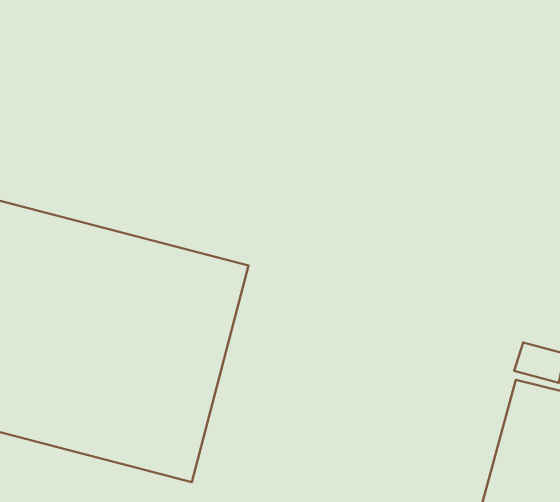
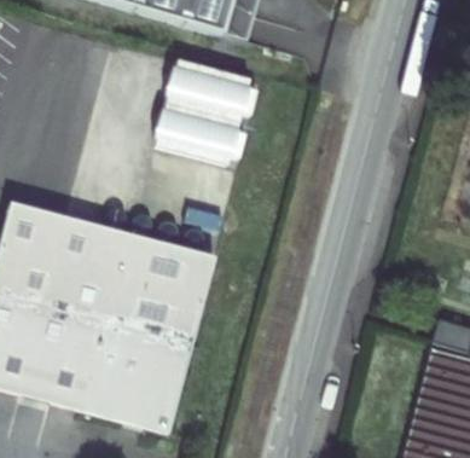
building: none -> [150,54,253,162]

